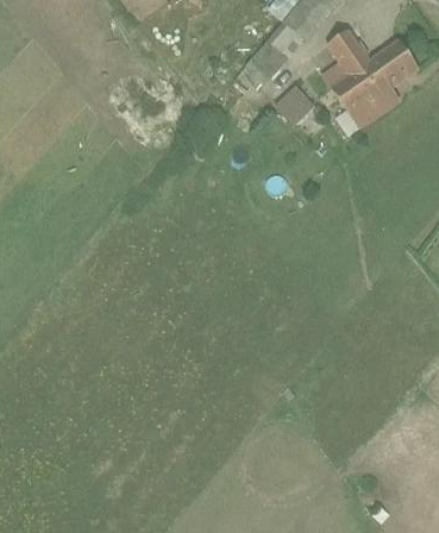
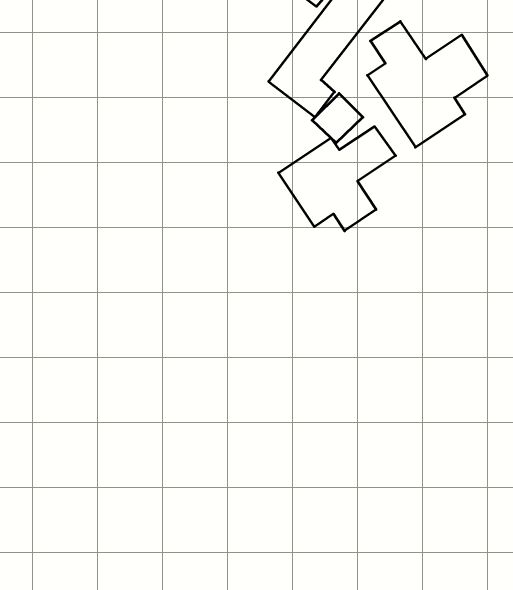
building: none -> [278,127,396,231]

